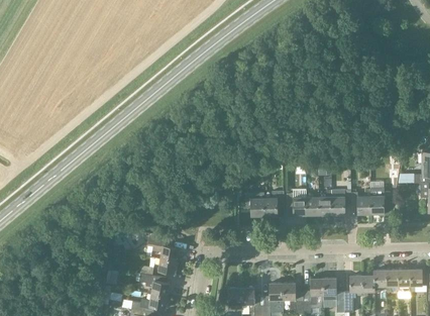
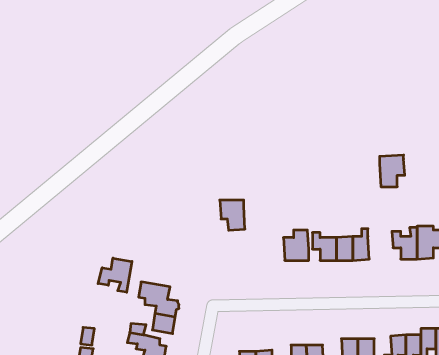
building: [332,190,352,215] -> [380,155,405,187]
building: [245,193,265,217] -> [220,200,245,230]
building: none -> [98,258,132,292]

